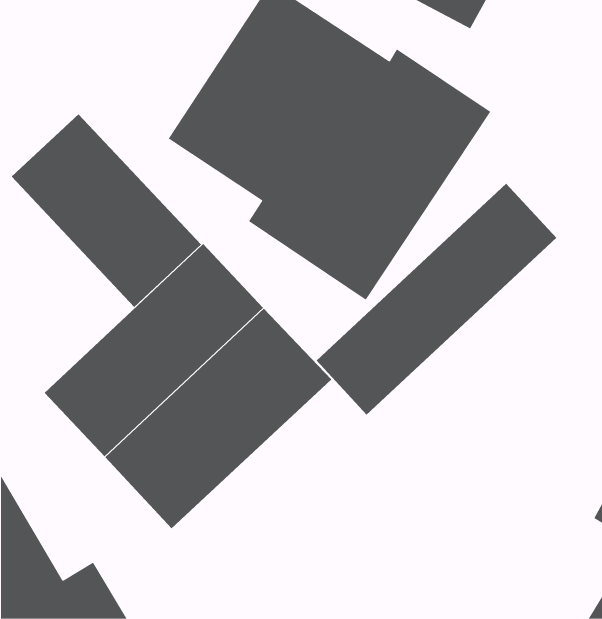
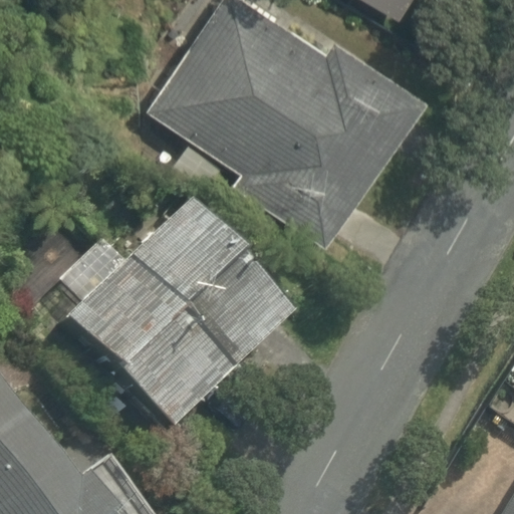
building: [11,113,202,308] -> none
building: [316,183,557,415] -> none

